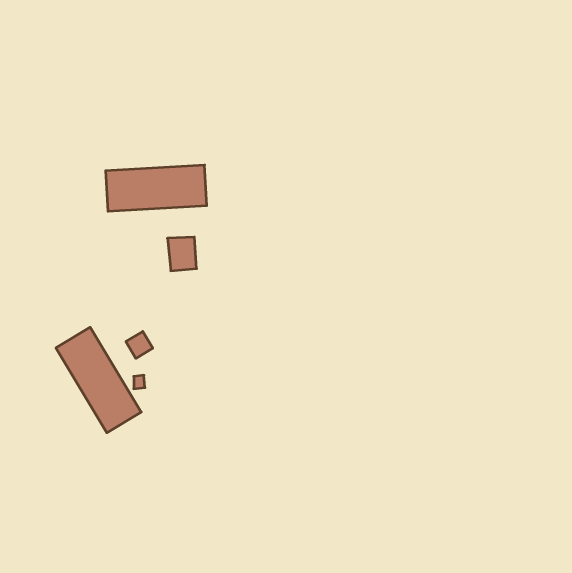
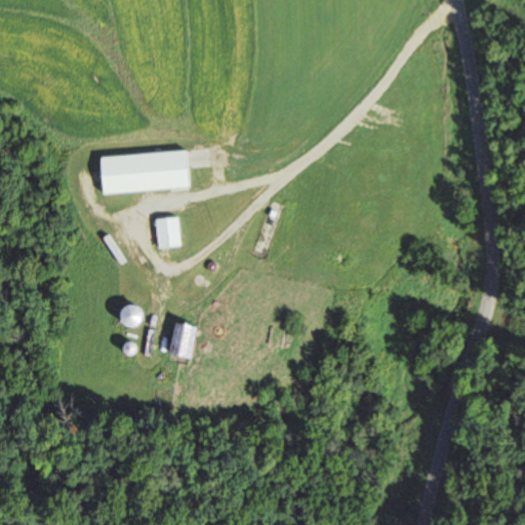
building: [56,327,141,433] -> none
building: none -> [168,322,196,360]

